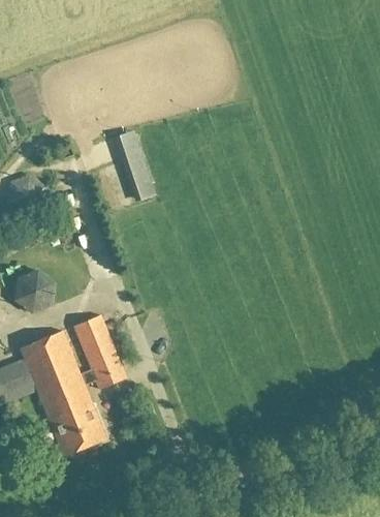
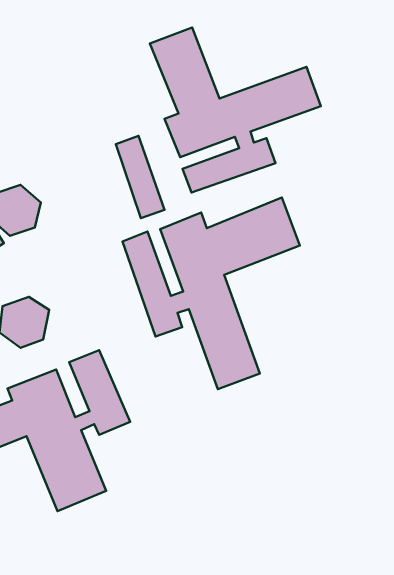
building: none -> [150,28,321,192]
building: none -> [122,197,300,389]

